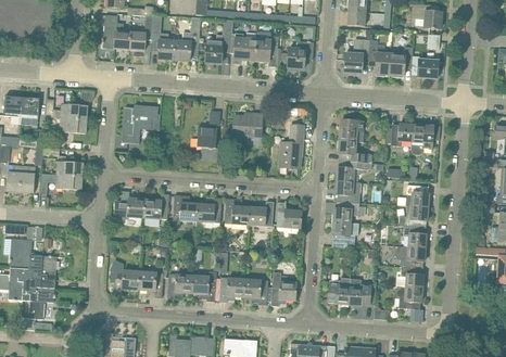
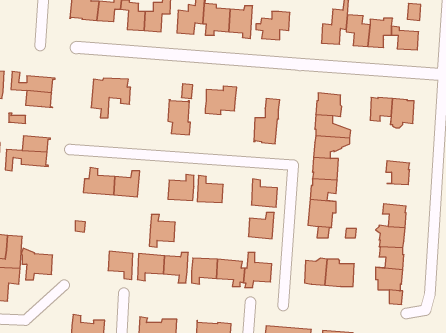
building: [173,194,198,226] -> [149,214,175,247]
building: [249,201,274,226] -> [248,213,274,239]
building: [399,205,428,227] -> none
building: [110,264,140,294] -> [21,248,53,280]

